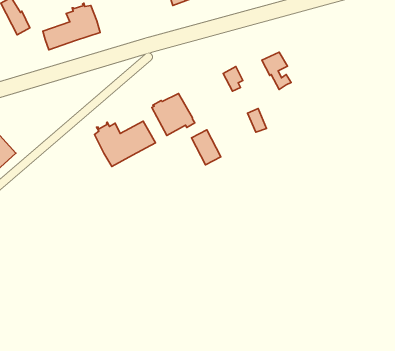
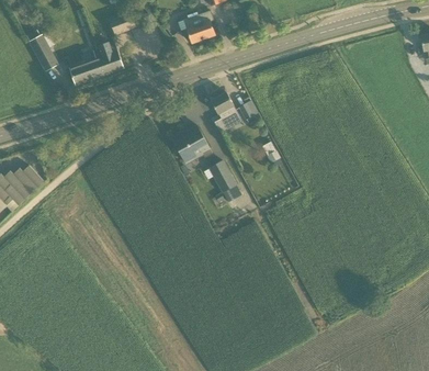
building: [262,52,291,90] -> [210,93,237,128]
building: [95,121,155,167] -> none

